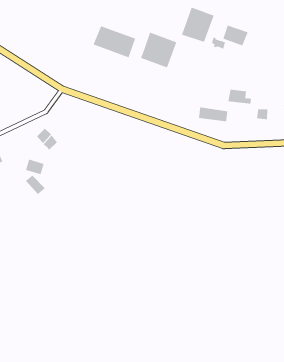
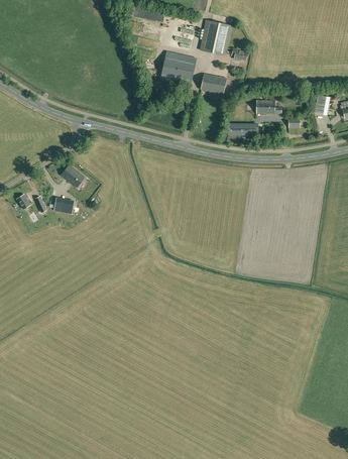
building: [222,25,248,46] -> [201,74,227,94]
building: [93,26,136,58] -> none

